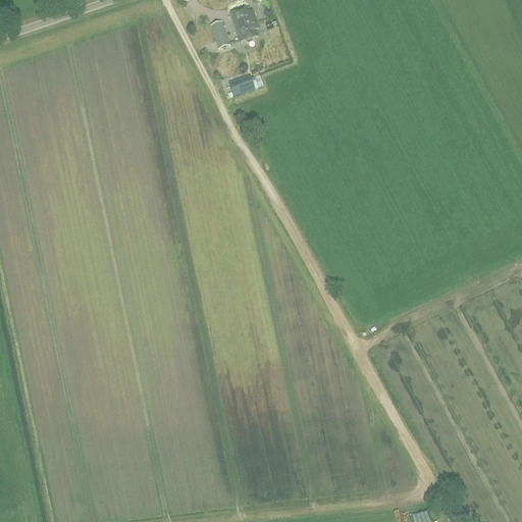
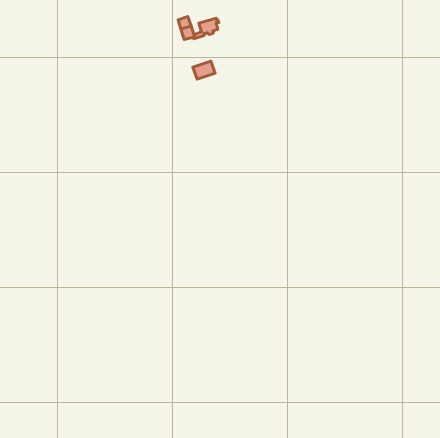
building: [229,4,256,28] -> none

